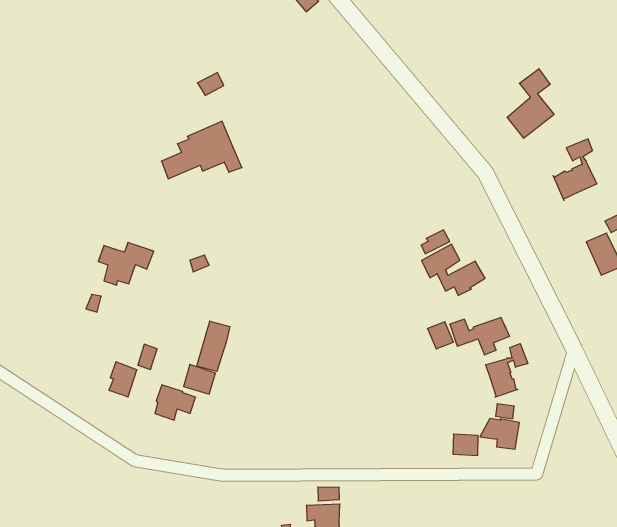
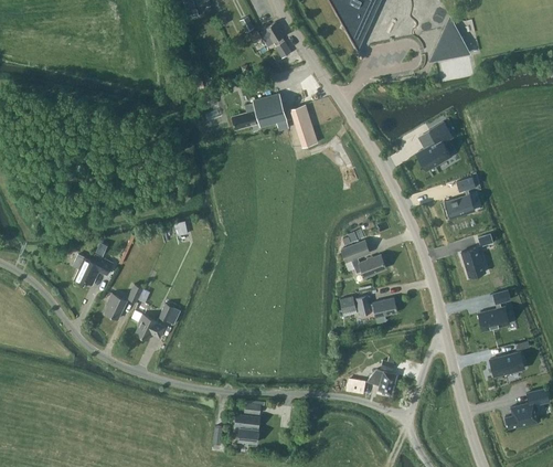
building: none -> [289,103,318,147]
building: [161,121,242,179] -> [231,93,288,130]
building: [98,242,154,285] -> [72,254,113,284]
building: [197,321,230,371] -> none
building: [486,344,528,397] -> none

